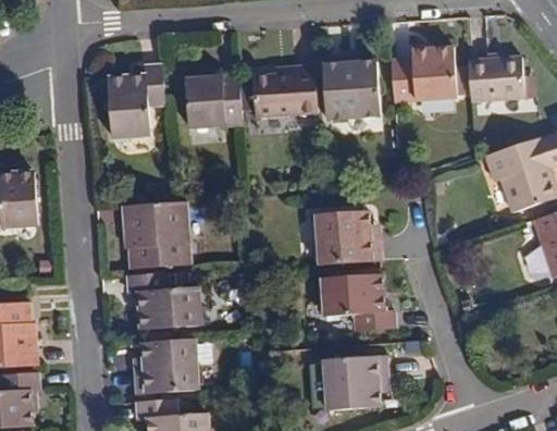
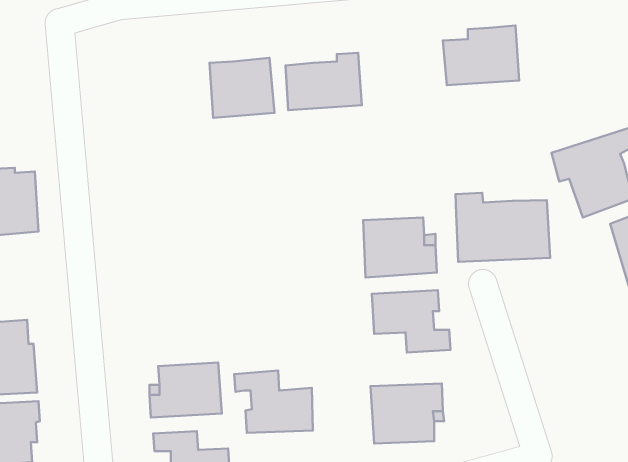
building: [314,52,380,118] -> none
building: [468,53,527,98] -> none
building: [111,64,165,141] -> none
building: none -> [456,193,550,262]
building: [123,201,188,267] -> none
building: [128,273,197,328] -> [234,370,313,433]

